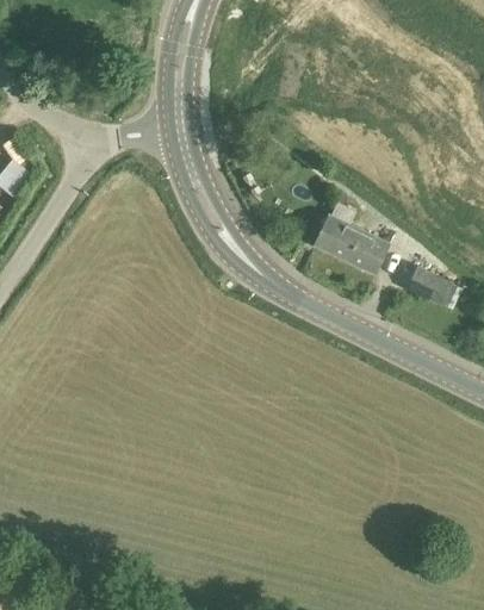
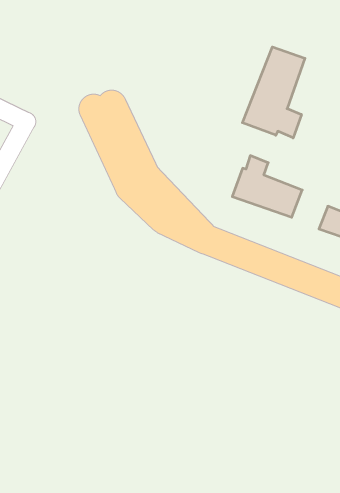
building: none -> [242,47,305,138]

